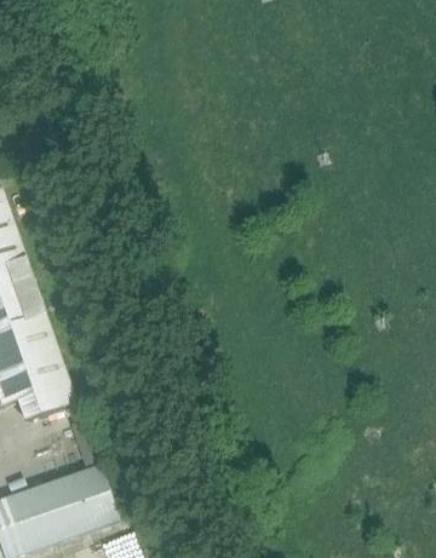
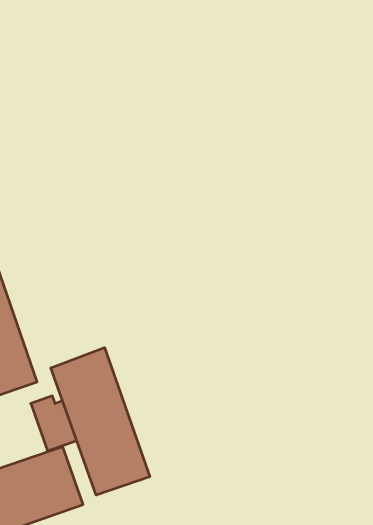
building: none -> [51,348,150,495]

